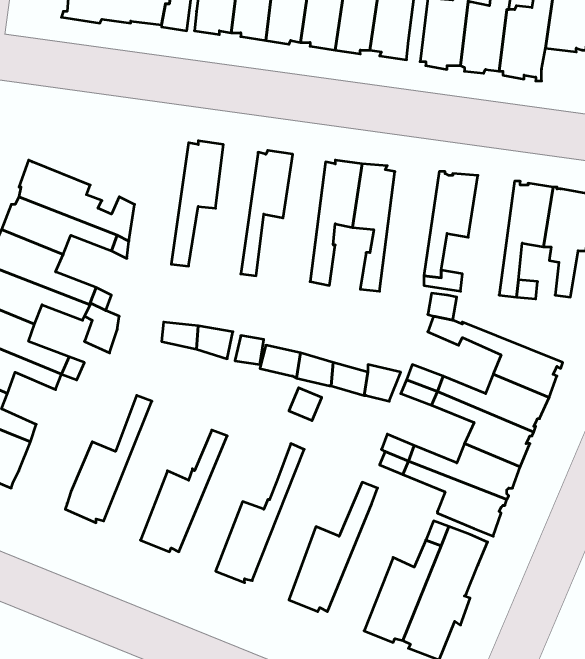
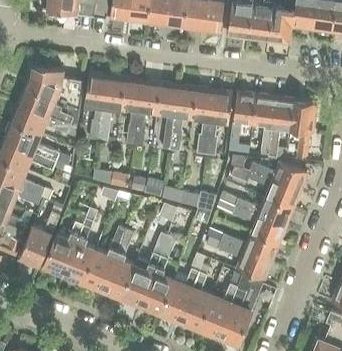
building: none -> [26,63,83,109]
building: none -> [84,73,107,140]
building: none -> [121,78,143,145]
building: none -> [156,83,178,149]
building: none -> [206,91,233,156]
building: none -> [252,94,276,156]
building: none -> [249,161,308,191]
building: none -> [63,207,98,283]
building: none -> [19,211,60,264]
building: none -> [102,229,135,299]
building: none -> [140,236,176,314]
building: none -> [179,264,213,330]

